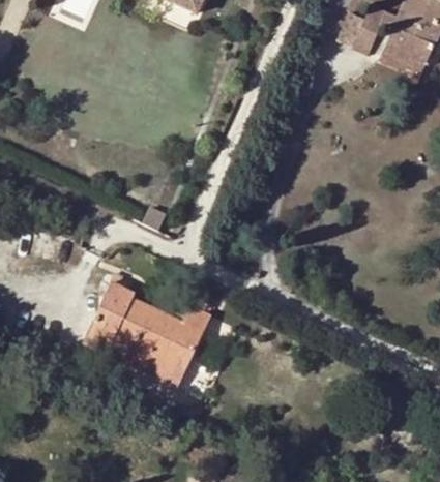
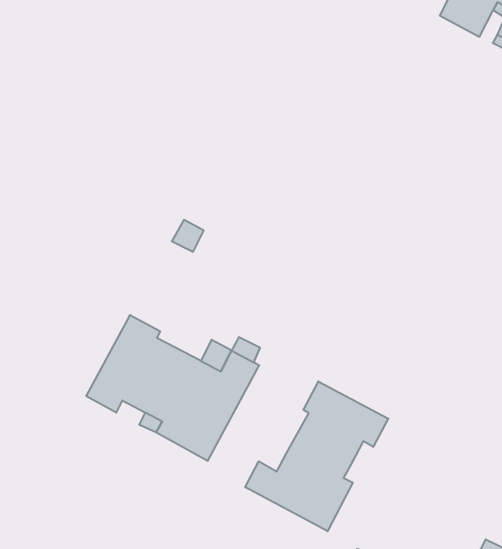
building: none -> [245,381,388,531]

